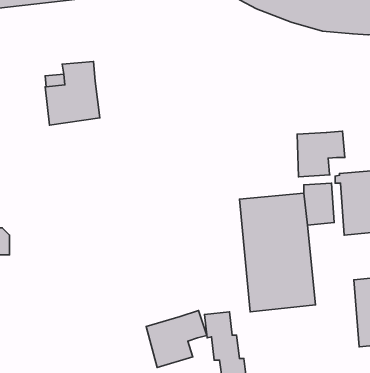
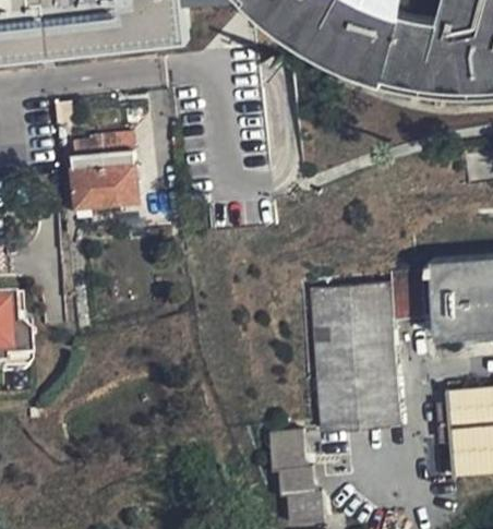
building: [297,131,345,177] -> none
building: [146,311,207,367] -> none

